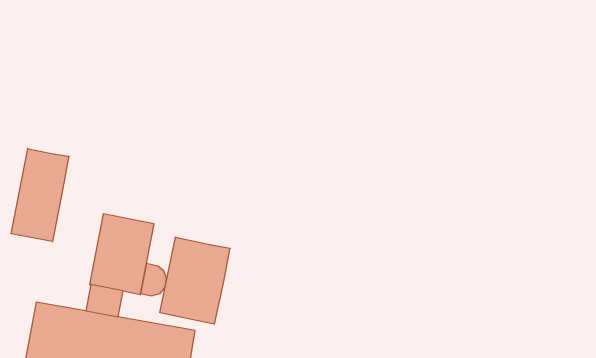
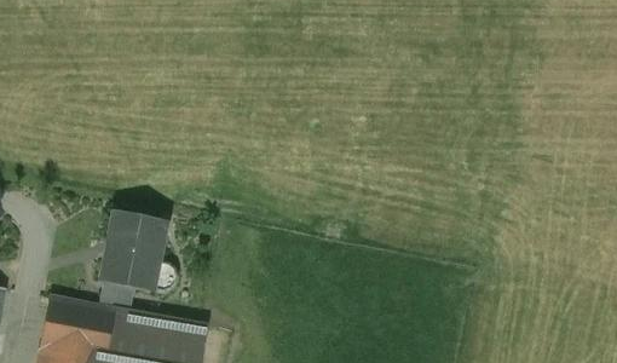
building: [11,148,69,242] -> none
building: [160,237,230,324] -> none

